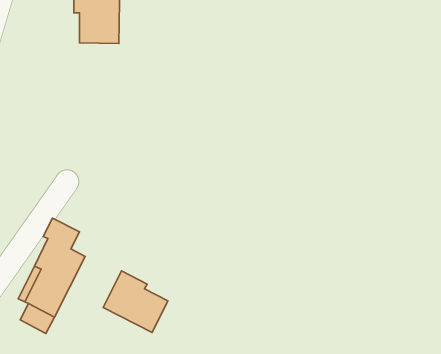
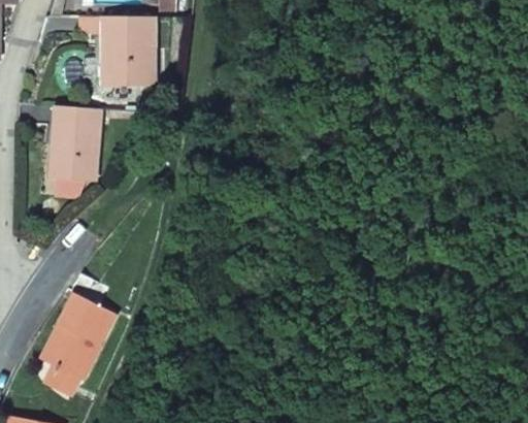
building: none -> [52,106,100,180]
building: [103,271,168,332] -> none

